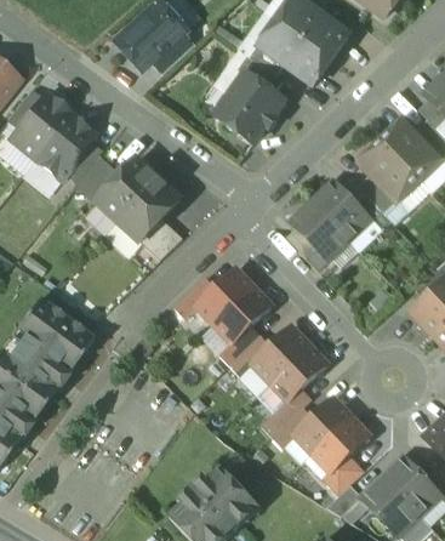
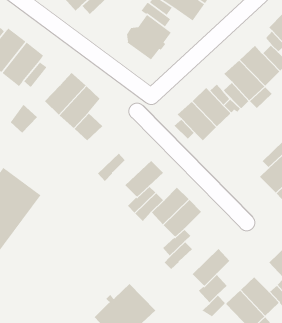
building: [79,158,120,201] -> [10,104,38,134]
building: [198,268,253,324] -> none
building: [295,398,352,454] -> none

